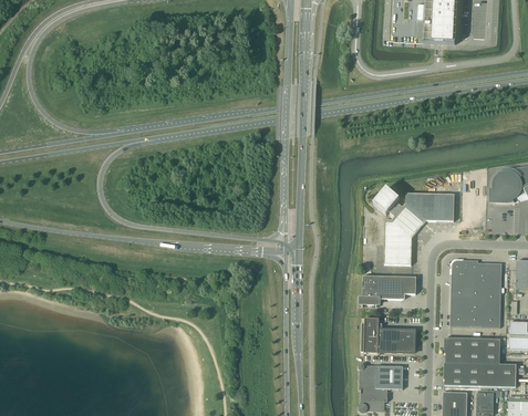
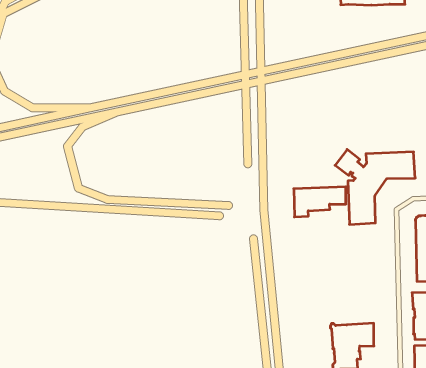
building: [362,275,416,304] -> [294,187,346,217]
building: [364,318,414,353] -> none

